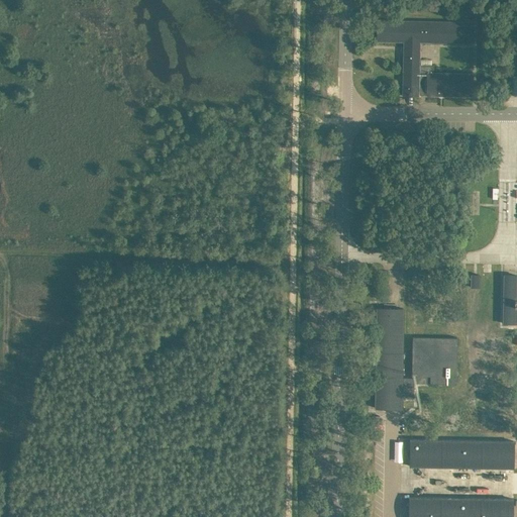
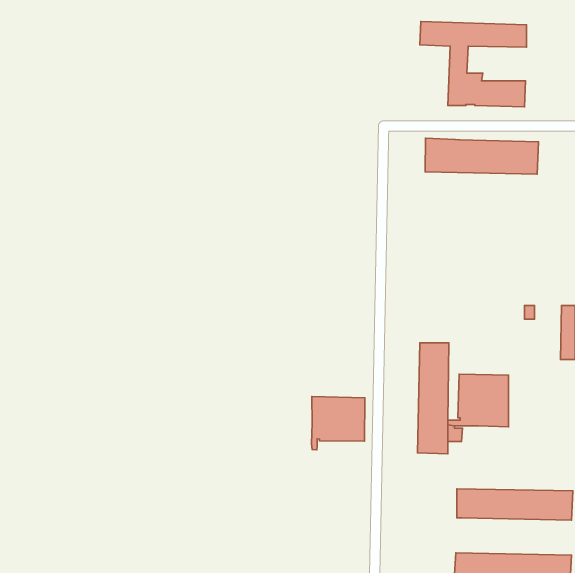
building: none -> [425,138,538,174]
building: none -> [311,396,365,450]

